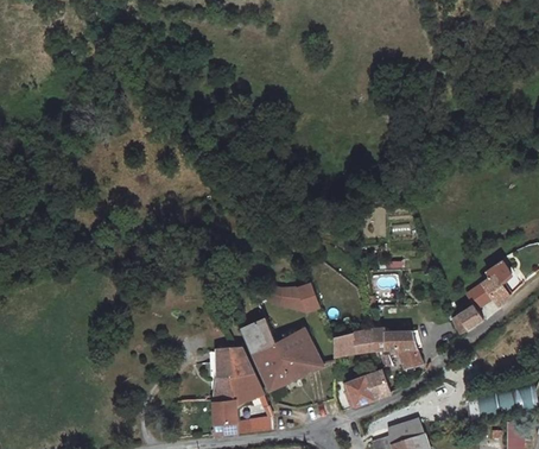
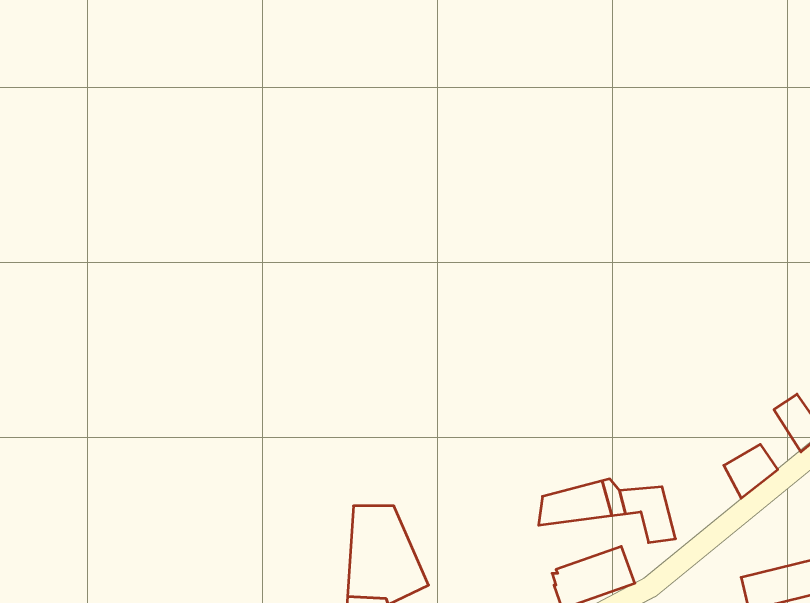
building: [255,284,319,314] -> none
building: [246,317,324,390] -> none

